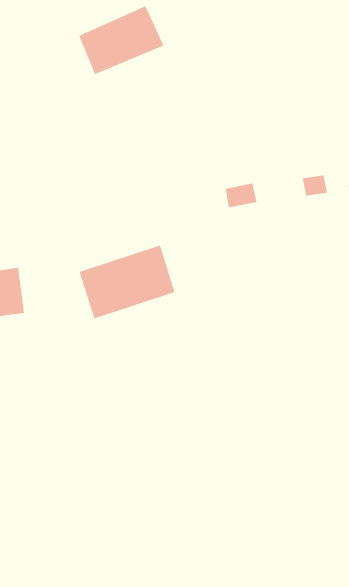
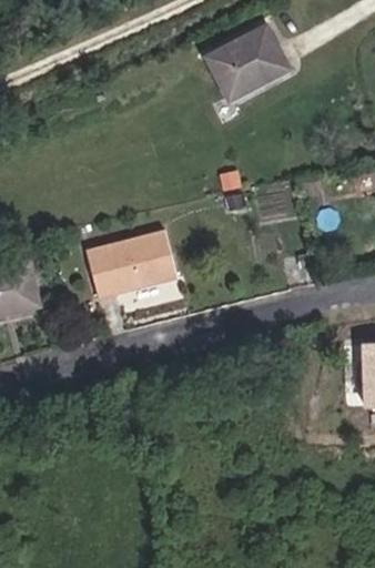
building: [78,5,165,75] -> [204,22,286,89]

